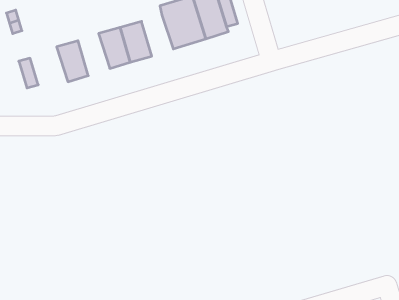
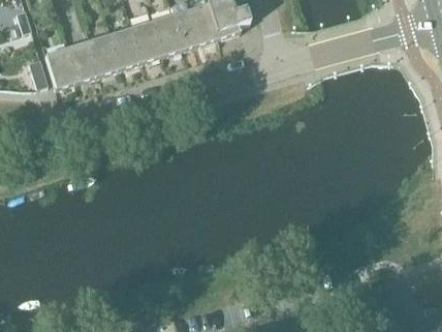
building: none -> [152,16,184,57]
building: none -> [88,34,120,77]
building: none -> [44,48,77,90]

